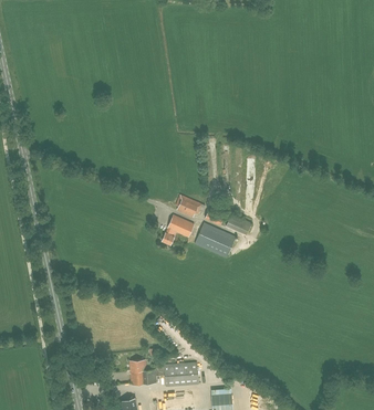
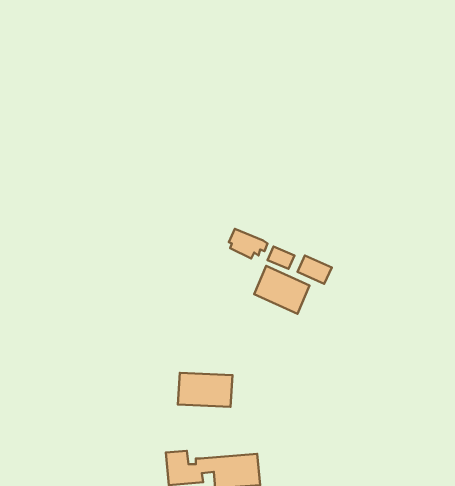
building: [162,213,194,243] -> none
building: none -> [178,373,233,407]

